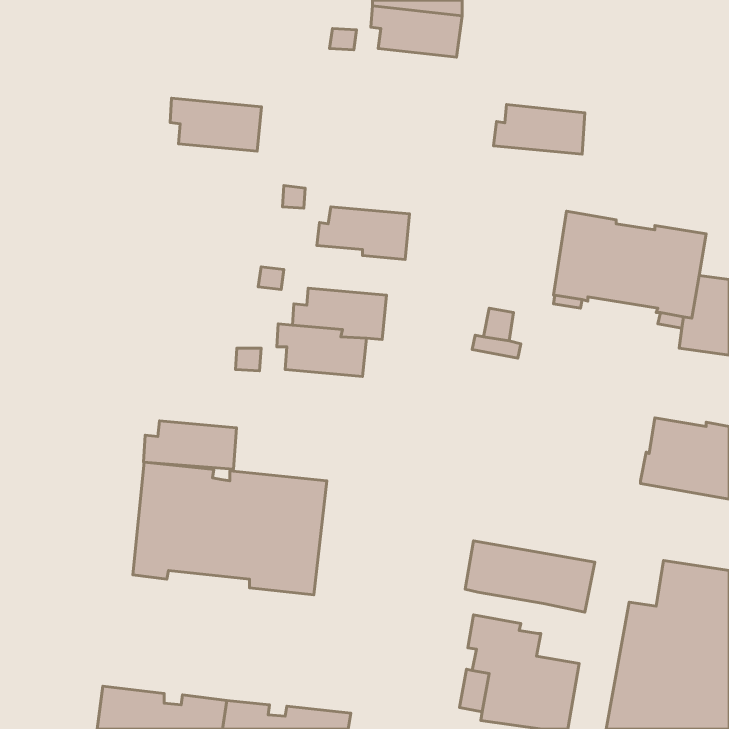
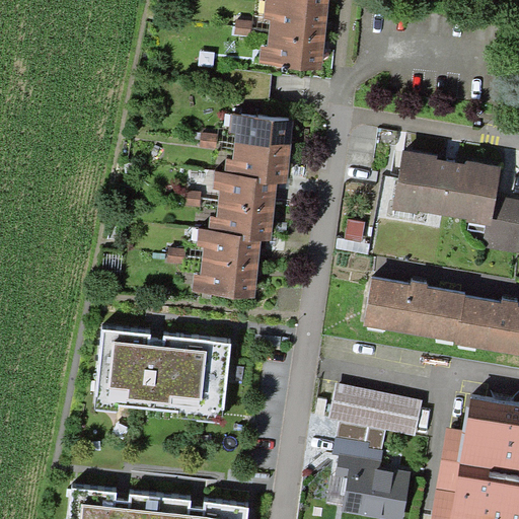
building: [170,98,261,151] -> [229,115,294,152]
building: [494,104,585,154] -> [260,34,324,70]
building: none -> [212,173,278,210]
building: none -> [363,278,466,342]
building: [144,421,236,469] -> [192,263,257,297]
building: none -> [337,421,386,450]

